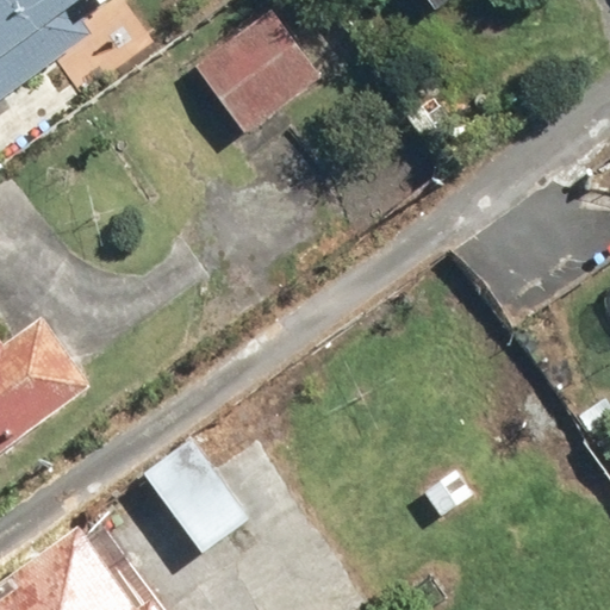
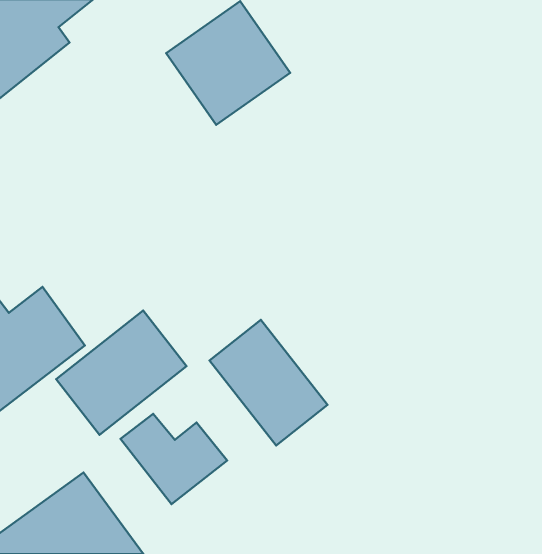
building: none -> [56,311,187,435]
building: none -> [210,320,327,446]

